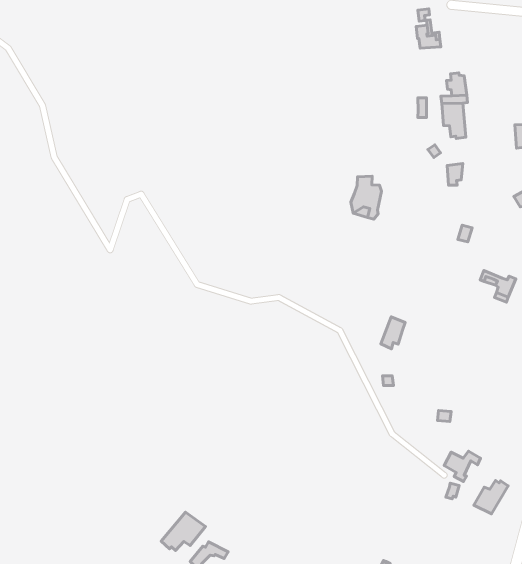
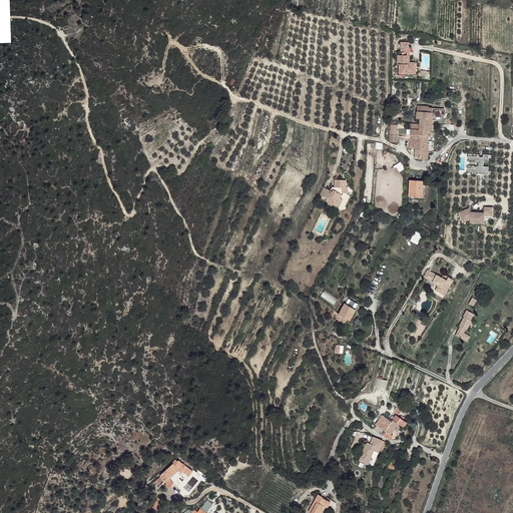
building: [474,480,508,514] -> none
building: [161,512,205,551] -> none

